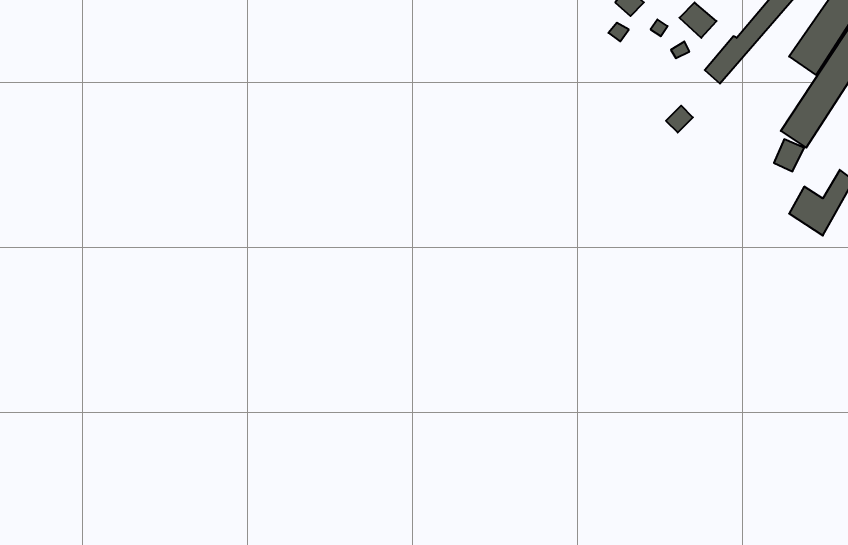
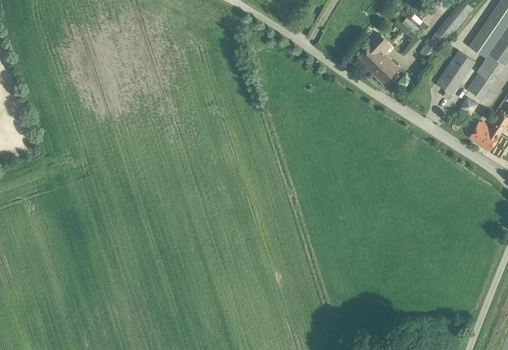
building: none -> [355,34,399,84]
building: none -> [436,51,475,100]

